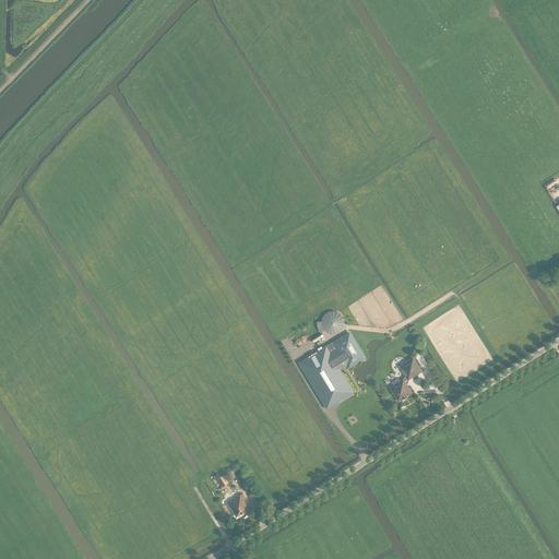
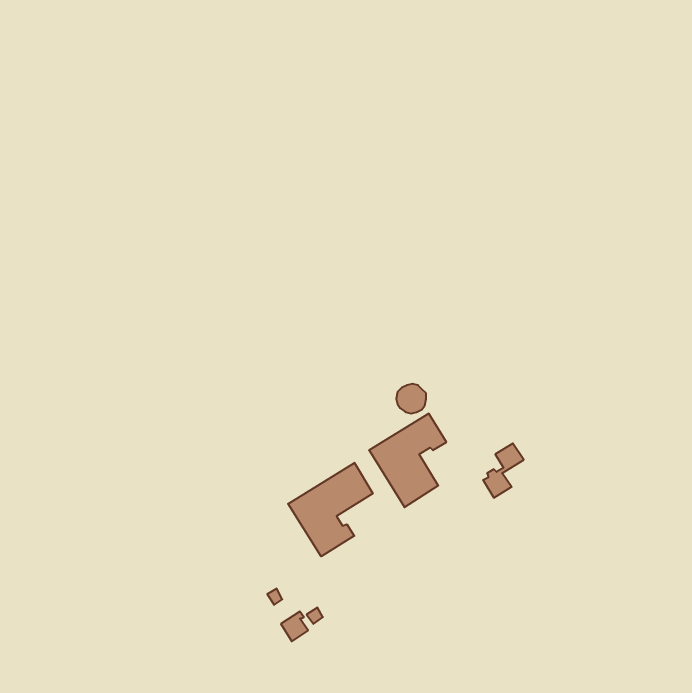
building: none -> [288,463,373,556]

